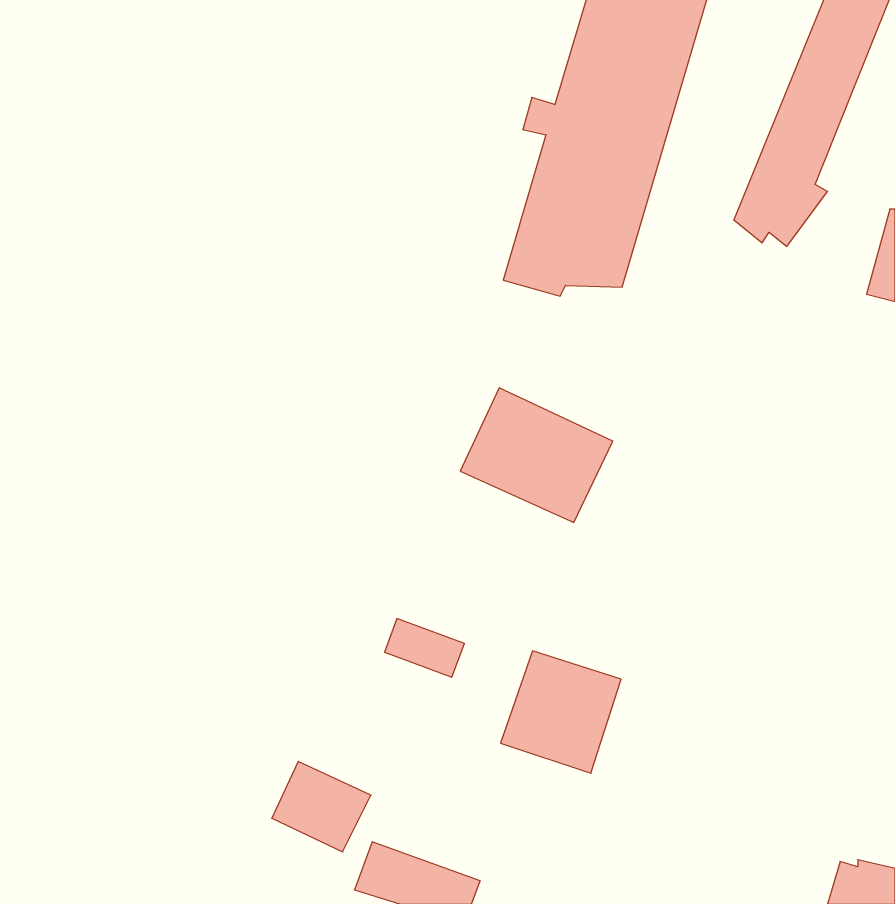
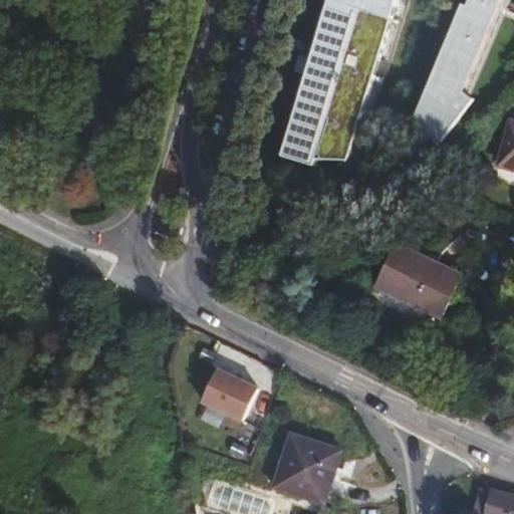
building: [460,388,613,523] -> [370,242,457,318]
building: [501,651,621,773] -> [269,434,337,503]
building: [272,761,371,852] -> [198,369,254,421]

